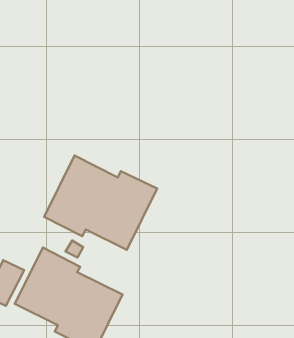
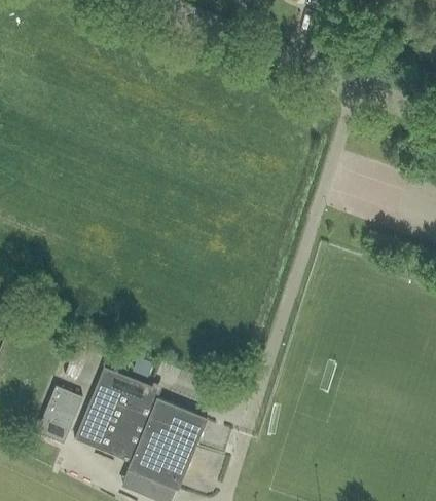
building: [44,156,157,250] -> none

